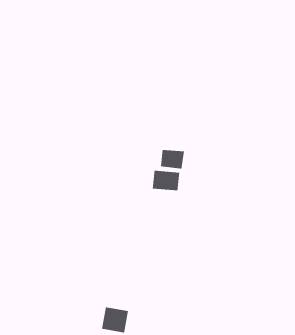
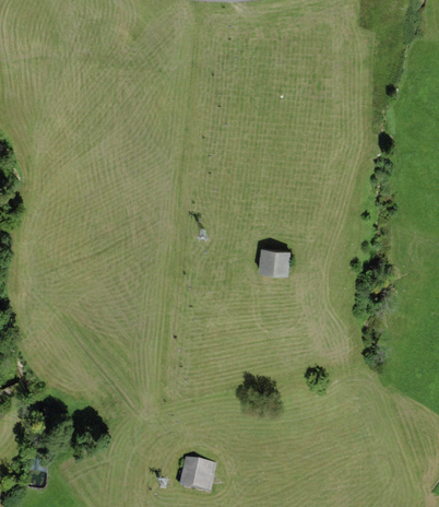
building: [152,170,180,191] -> none

